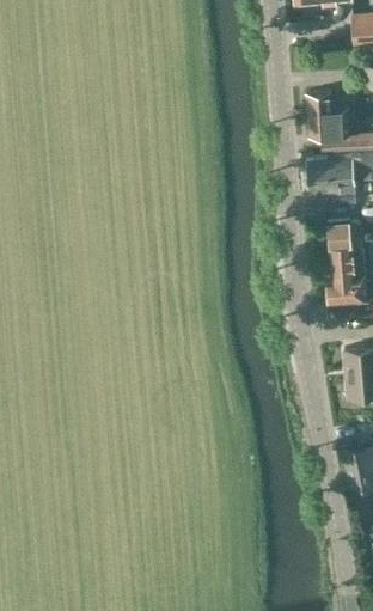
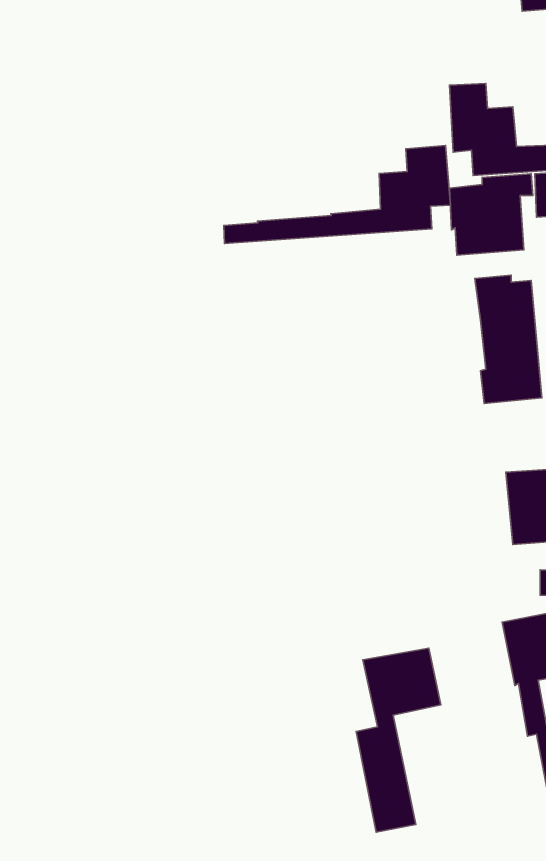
building: none -> [224,145,450,243]
building: none -> [356,648,441,832]

